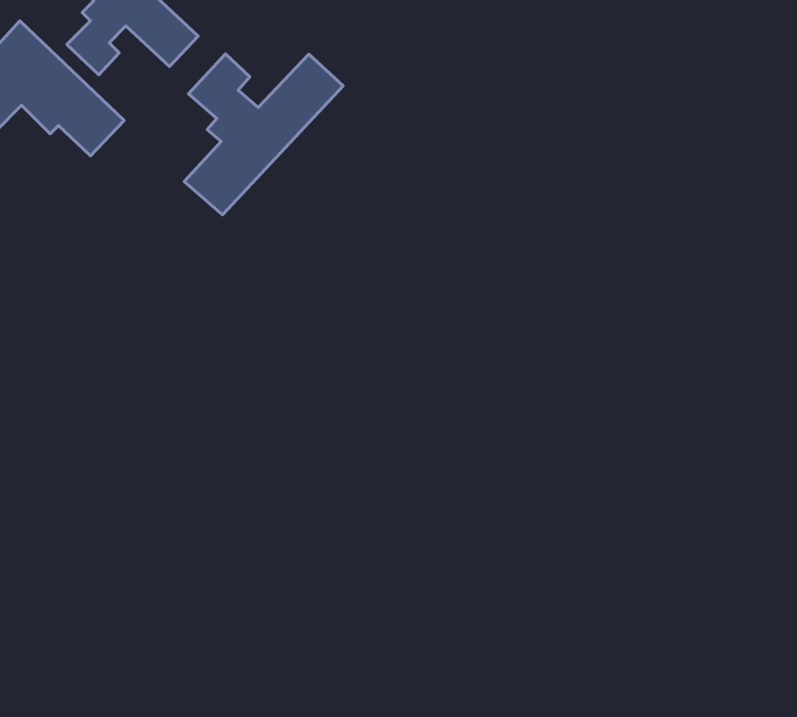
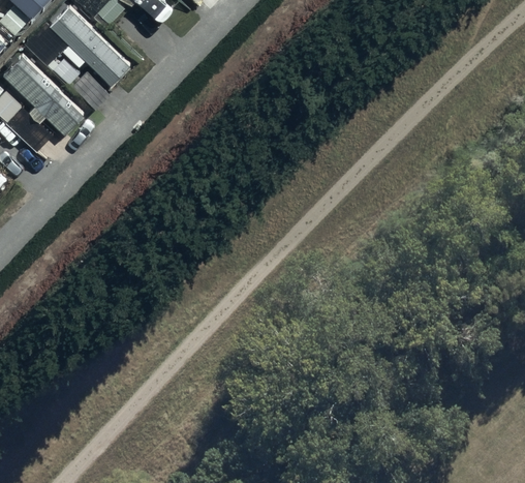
building: [184,54,343,215] -> none

